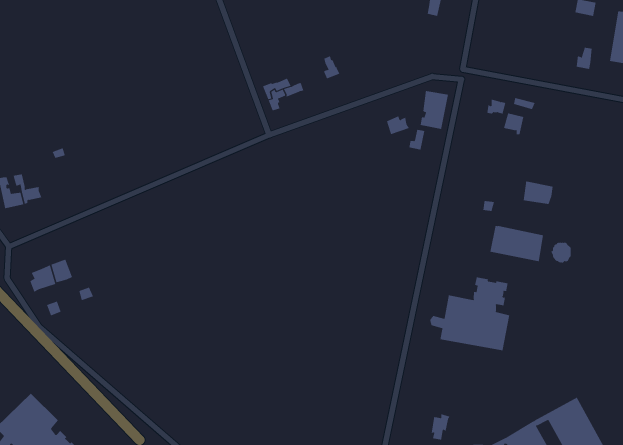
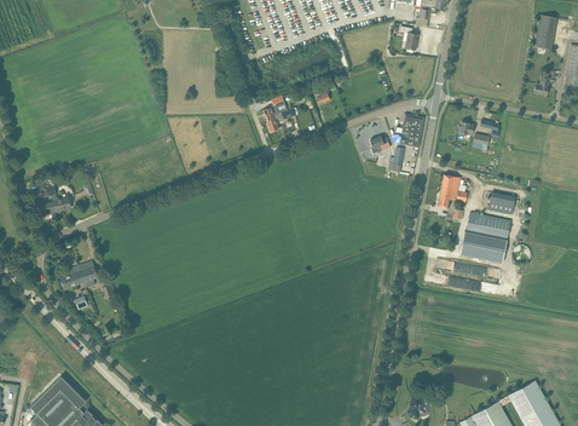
building: none -> [438,174,467,208]
building: none -> [467,211,511,240]
building: [430,277,510,351] -> none

